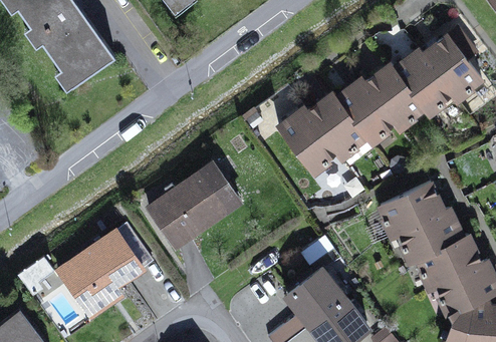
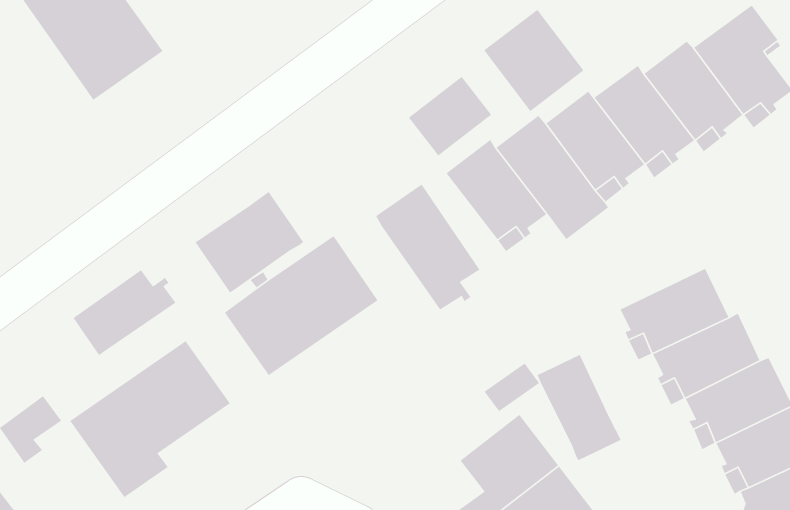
building: none -> [483,9,584,112]
building: none -> [408,76,492,156]
building: none -> [375,184,480,311]
building: none -> [194,191,304,293]
building: none -> [72,269,176,356]
building: none -> [537,354,622,461]

